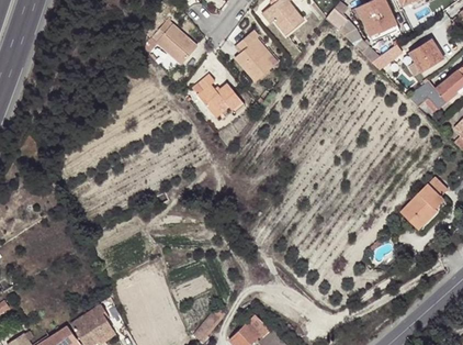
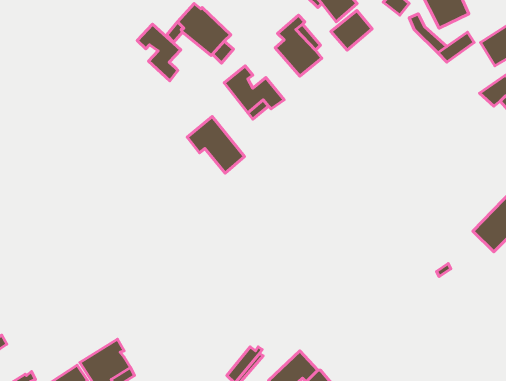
building: none -> [331,10,372,50]
building: none -> [137,24,181,81]
building: none -> [187,116,245,173]

